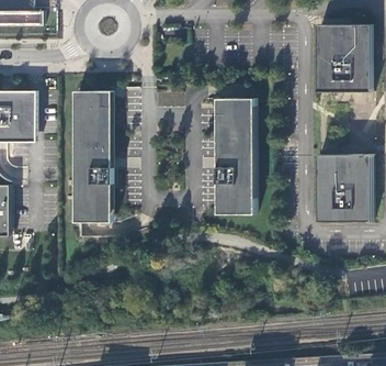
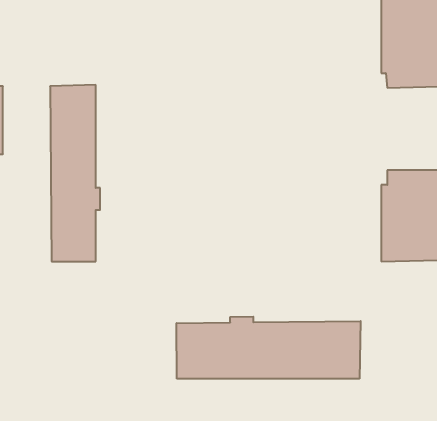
building: [217,97,254,212] -> none
building: none -> [177,317,361,379]

